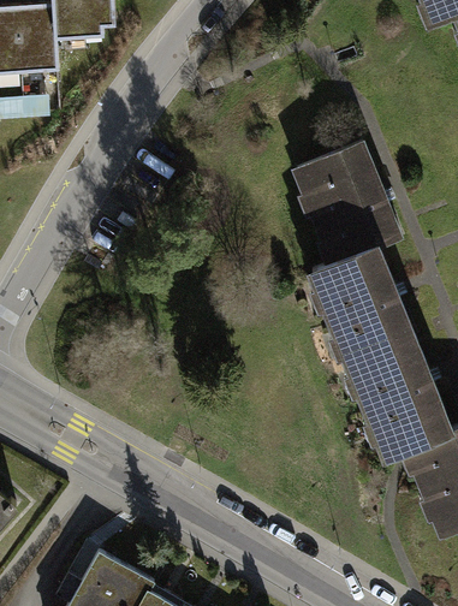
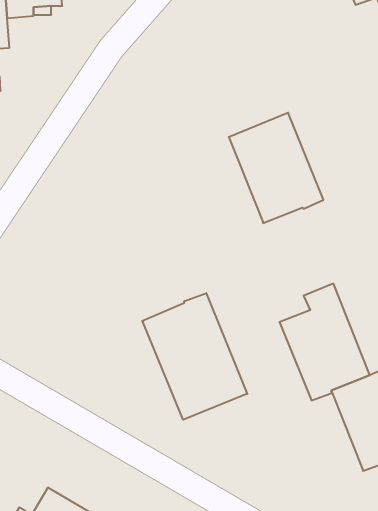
building: [310,244,409,369] -> none
building: none -> [142,293,247,420]

